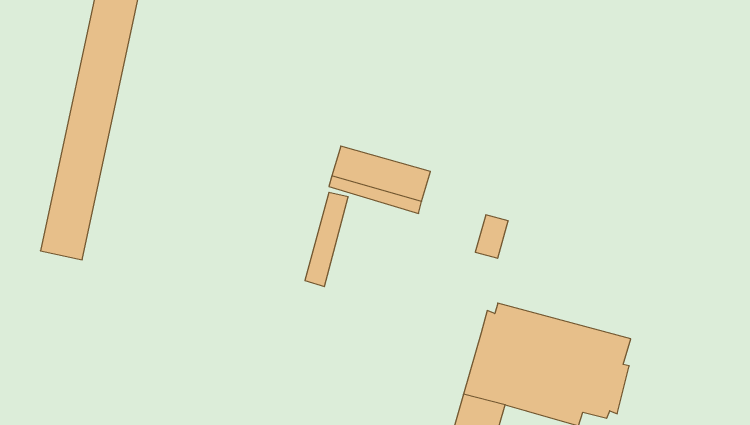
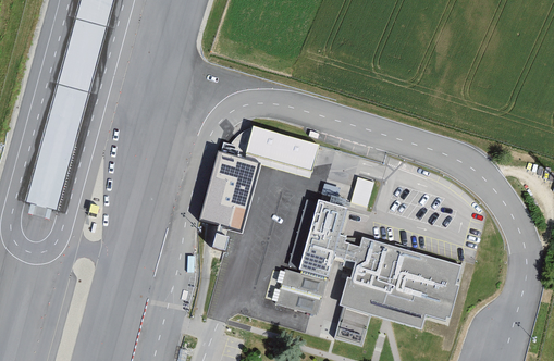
building: none -> [198,150,244,227]
building: none -> [275,198,359,312]

